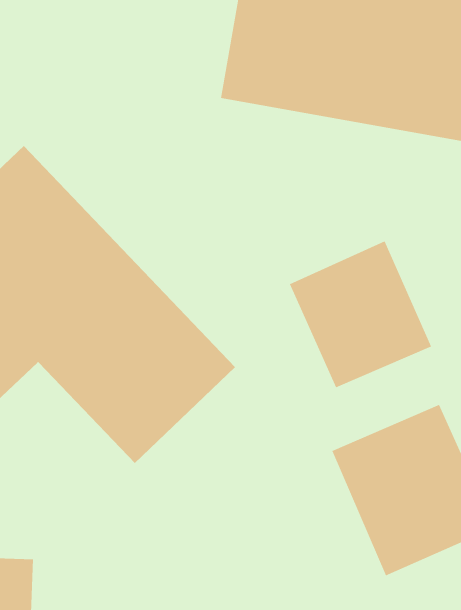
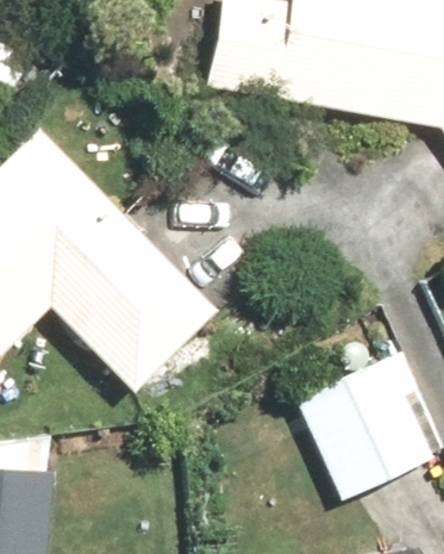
building: [289,240,432,388] -> none

